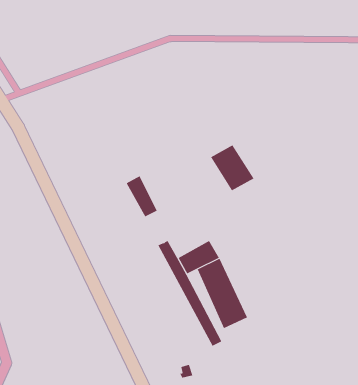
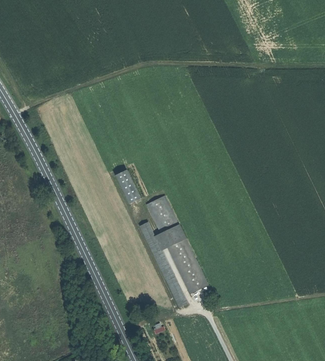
building: [210,144,254,191] -> [143,196,178,233]

